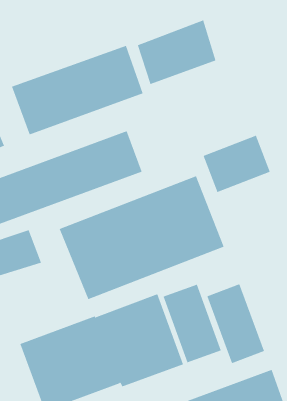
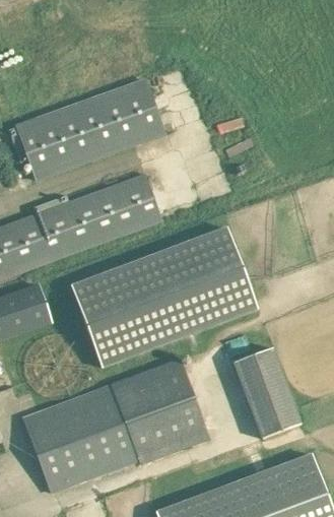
building: [137,20,216,85] -> none
building: [203,135,270,193] -> none
building: [163,284,221,363] -> none

